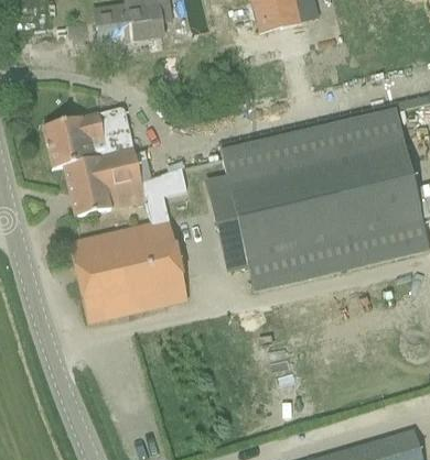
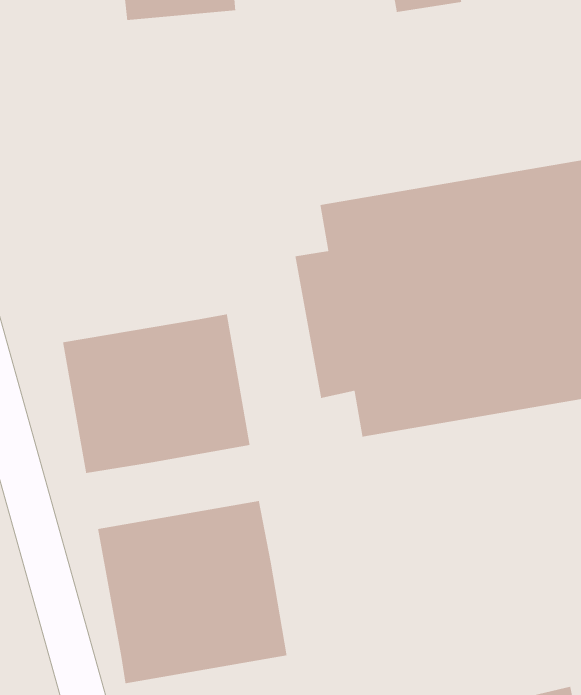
building: [44,107,189,223] -> none
building: none -> [97,500,287,684]

